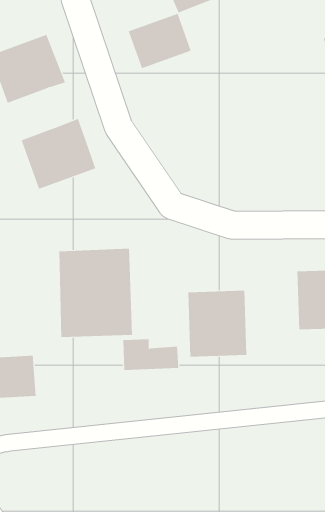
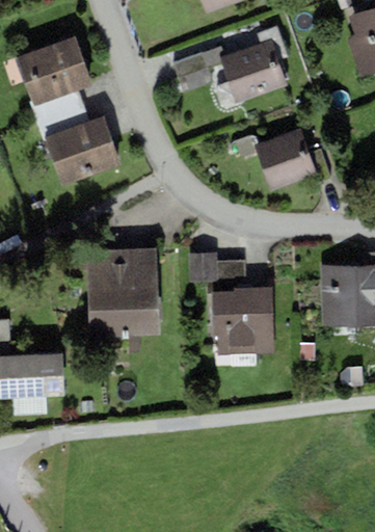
building: [128,13,192,69] -> [224,51,288,106]
building: none -> [34,87,89,139]
building: none -> [261,135,320,191]
building: [122,339,179,370] -> [188,252,244,284]

